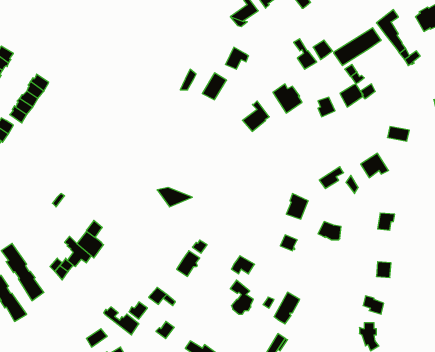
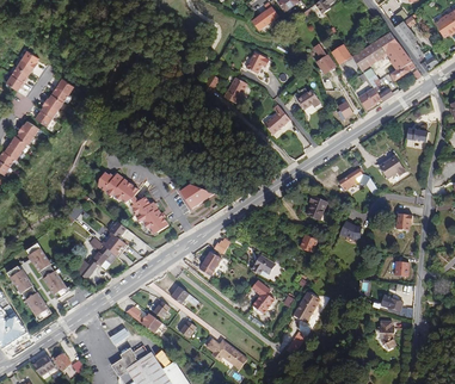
building: none -> [387,44,416,81]
building: none -> [98,172,168,233]

